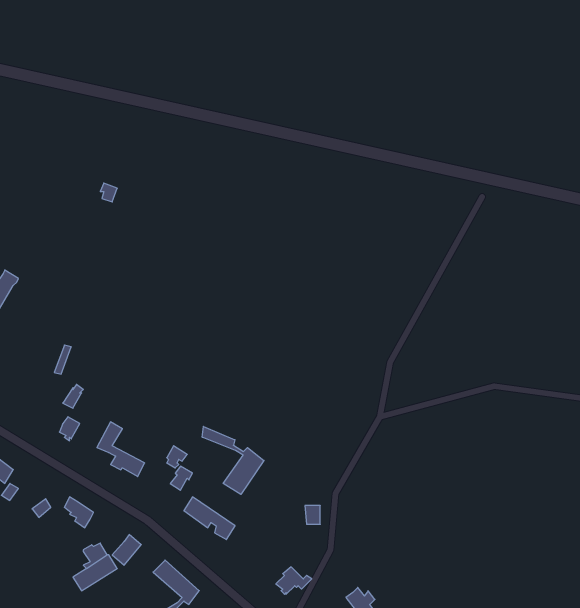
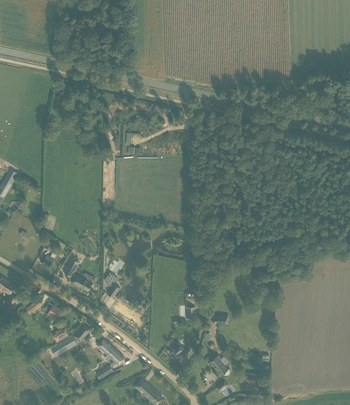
building: [202,426,264,494] -> none

